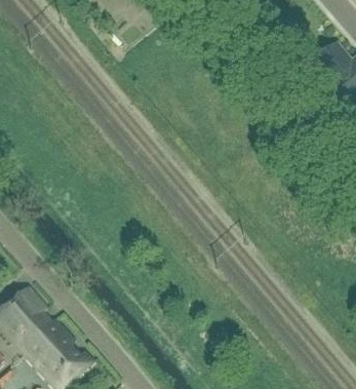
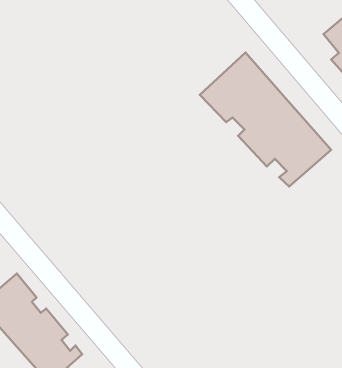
building: none -> [200,53,331,187]

